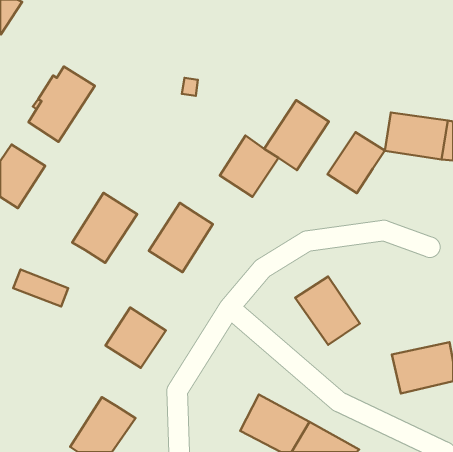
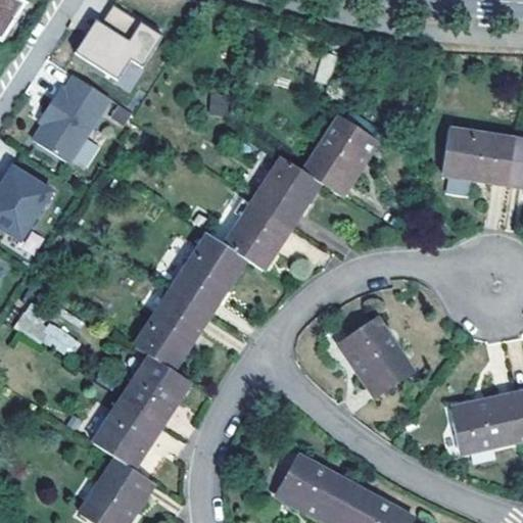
building: none -> [74,5,161,81]
building: [327,132,385,193] -> none
building: none -> [225,202,291,270]
building: [72,193,137,263] -> [136,289,210,370]
building: none -> [93,398,162,468]

